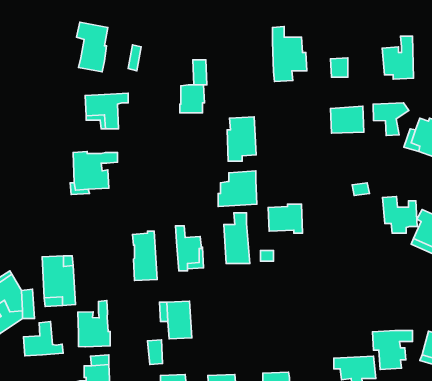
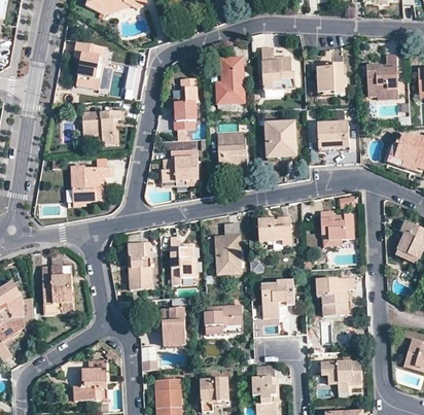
building: none -> [216,58,244,111]
building: none -> [317,63,346,95]
building: [373,103,409,135] -> none
building: none -> [266,123,295,152]
building: [218,171,257,206] -> [161,148,198,182]
building: [383,196,417,233] -> [319,210,352,245]
building: none -> [260,279,293,318]
building: none -> [204,305,241,334]
building: [78,301,110,347] -> none
building: [24,321,63,356] -> none
building: [373,331,412,369] -> [315,278,353,315]

